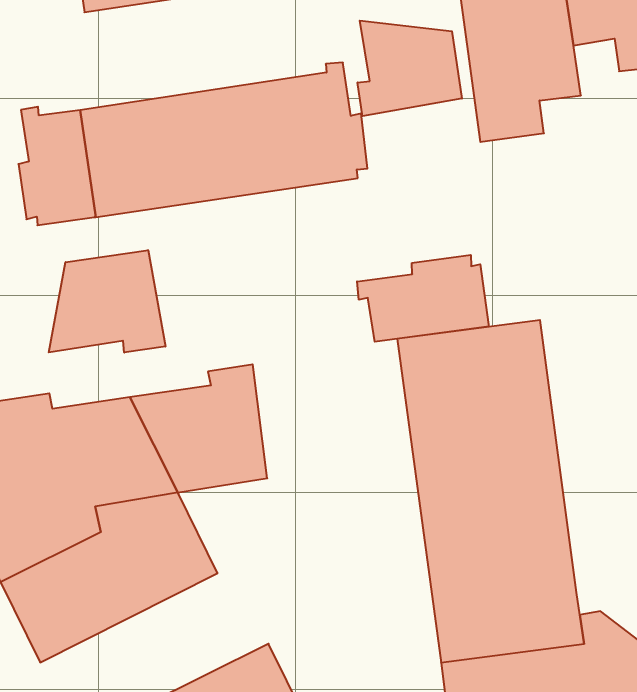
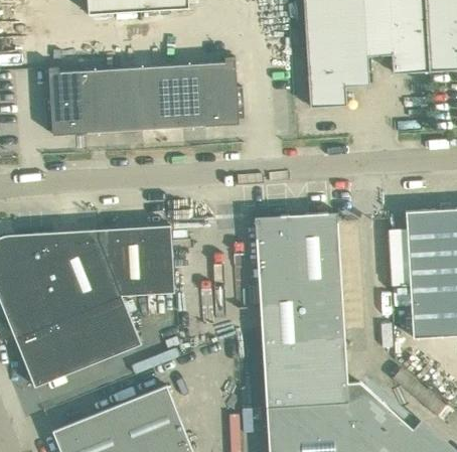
building: [358,21,462,116] -> none
building: [49,250,165,353] -> none
building: [357,255,489,342] -> none

